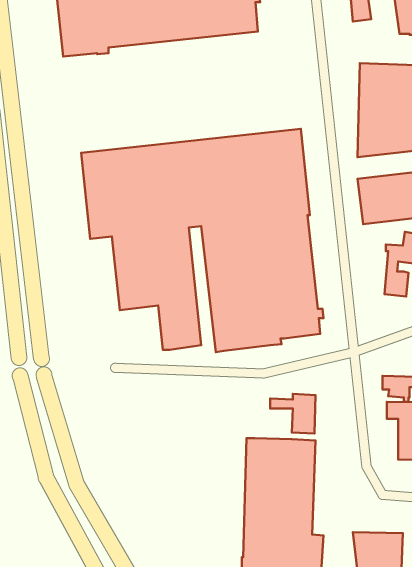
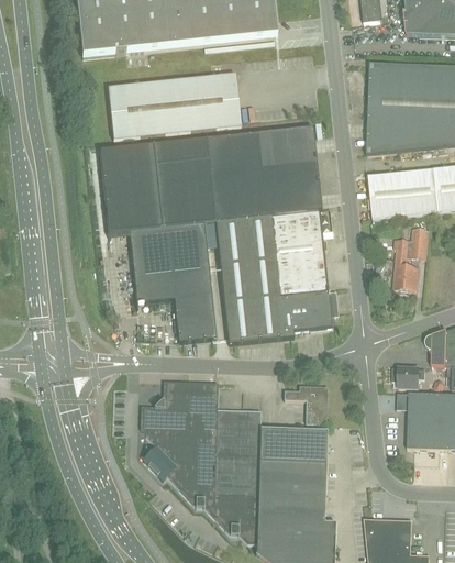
building: none -> [108,73,242,139]
building: none -> [141,380,262,542]

